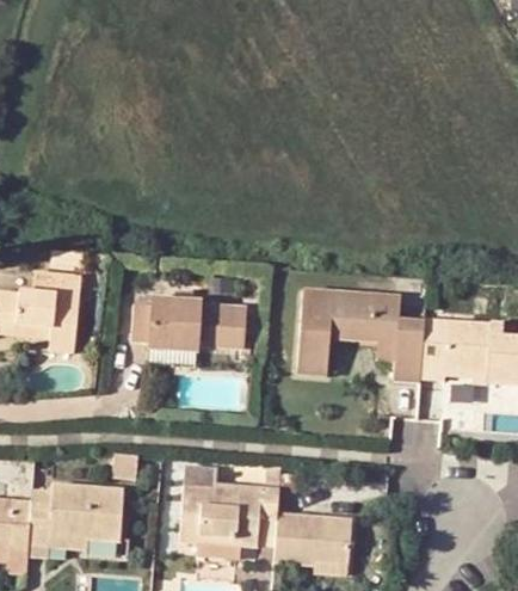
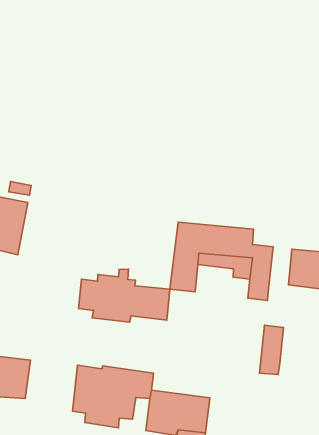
building: [130,282,243,349] -> [79,269,170,322]
building: [417,320,443,381] -> [259,325,283,375]

